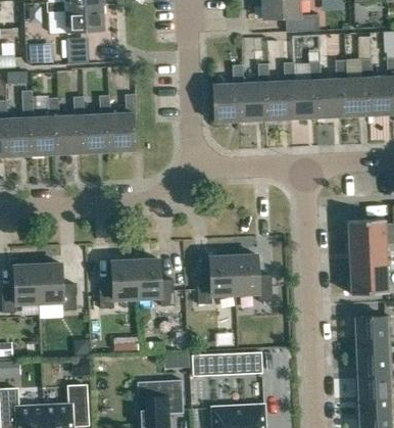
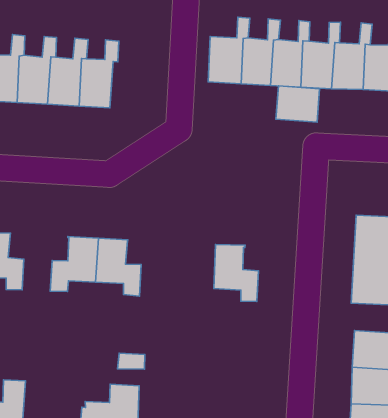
building: none -> [276,86,320,122]
building: [196,256,235,304] -> none
building: [188,351,259,373] -> none

